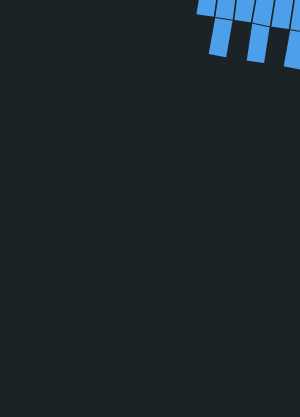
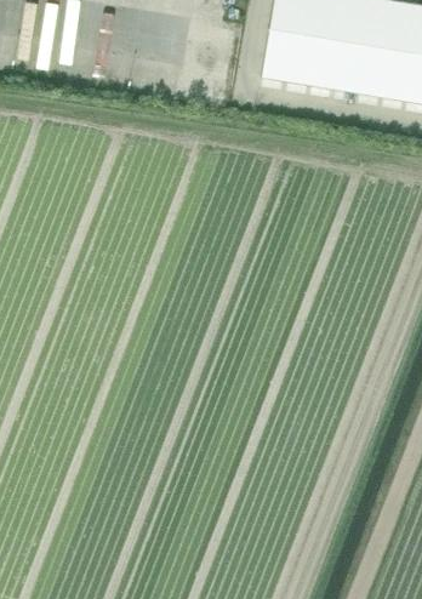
building: none -> [263,29,295,80]
building: none -> [310,36,342,89]
building: none -> [359,45,390,96]

